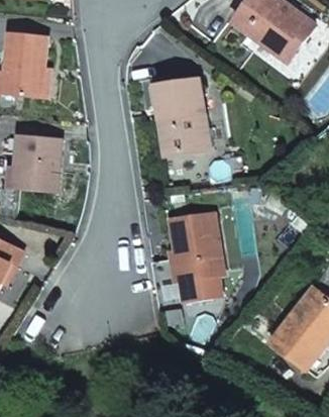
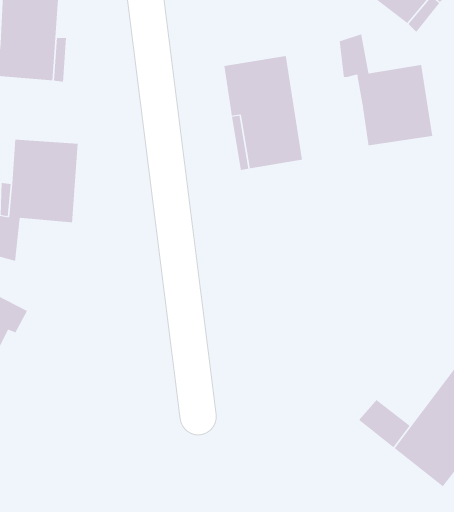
building: none -> [339,33,433,146]
building: [151,212,222,309] -> none

